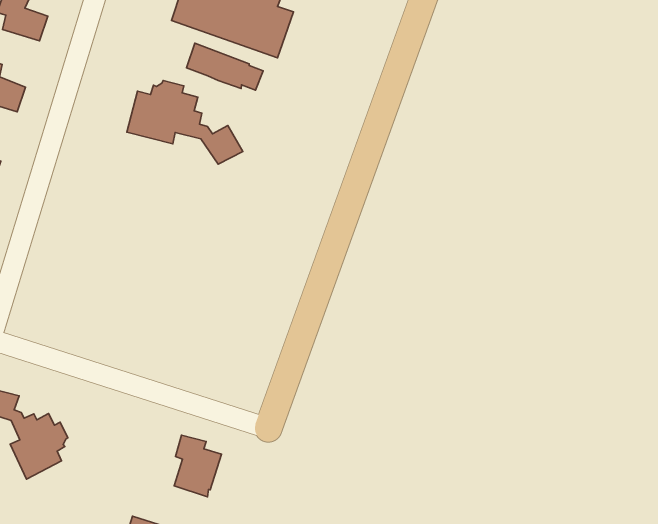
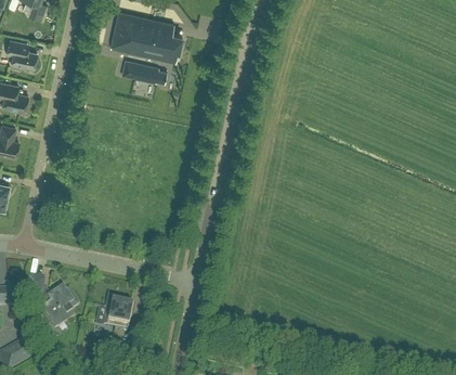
building: [127,81,243,164] -> none
building: [174,435,221,497] -> [106,297,133,332]

